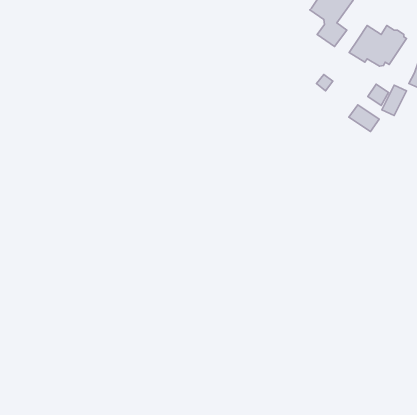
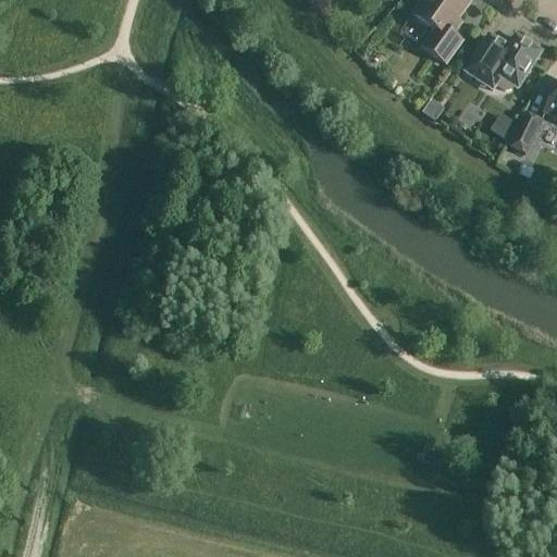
building: [349,105,379,132] -> none

